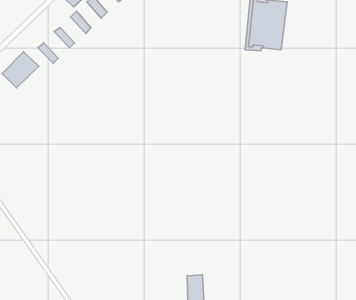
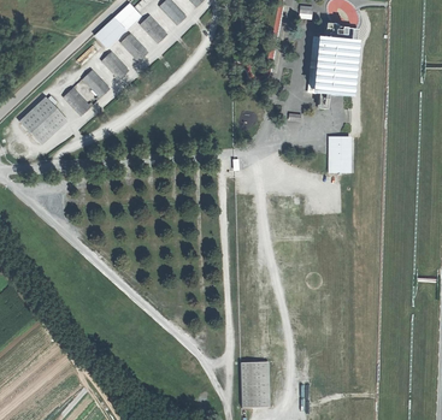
building: none -> [329,136,349,172]

